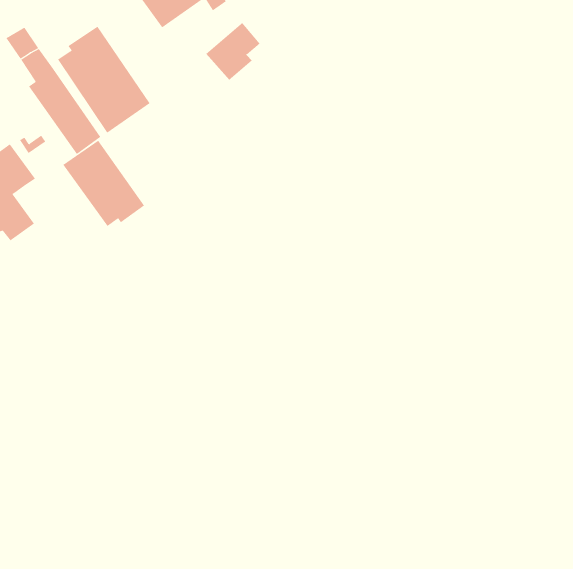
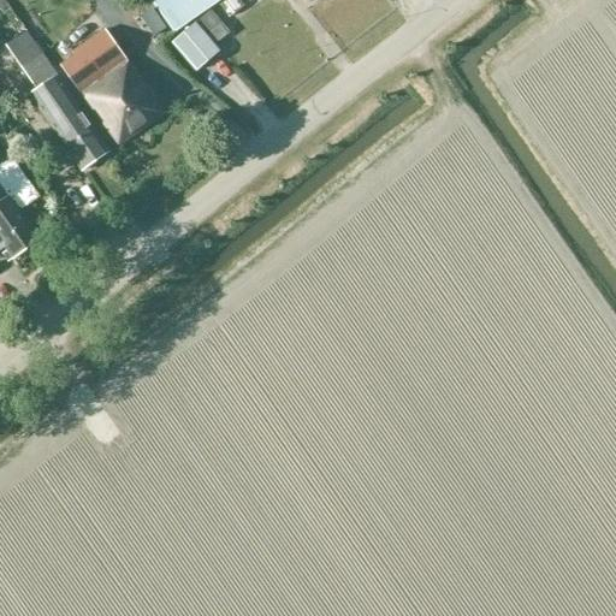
building: [205,22,261,81] -> [170,6,229,69]
building: [63,140,145,227] -> none

